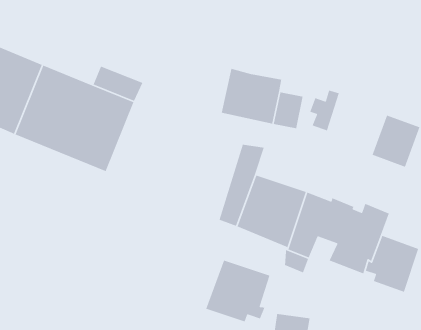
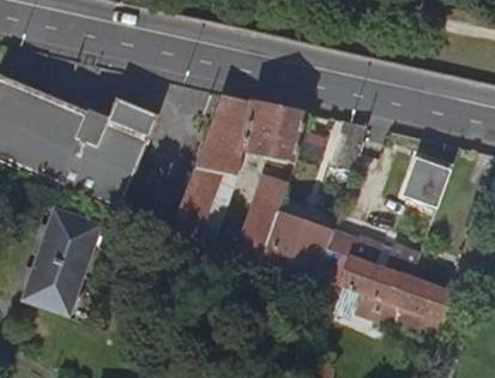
building: none -> [173,94,253,248]
building: none -> [24,206,102,314]
building: [205,260,271,323] -> none

